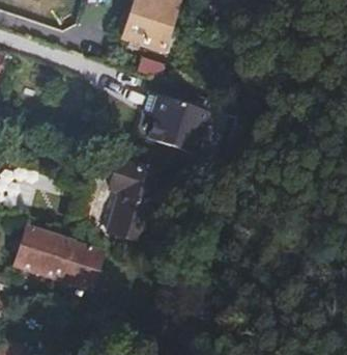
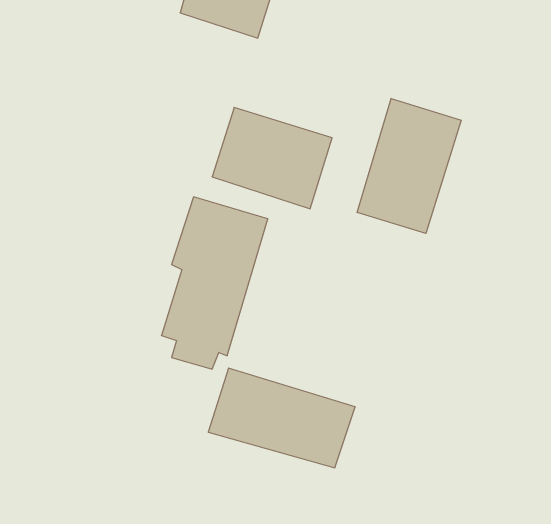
building: none -> [357,98,461,233]
building: [15,226,105,288] -> [208,368,355,468]

